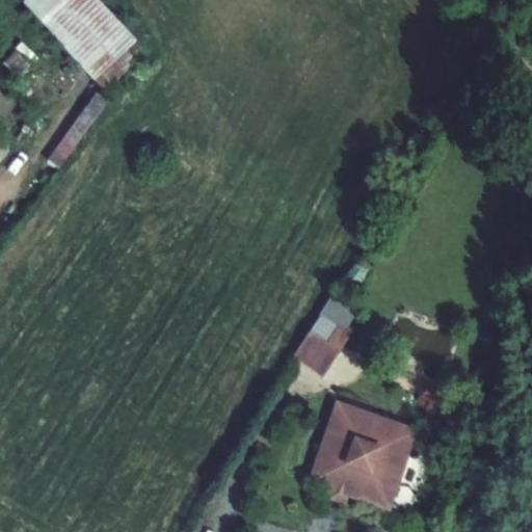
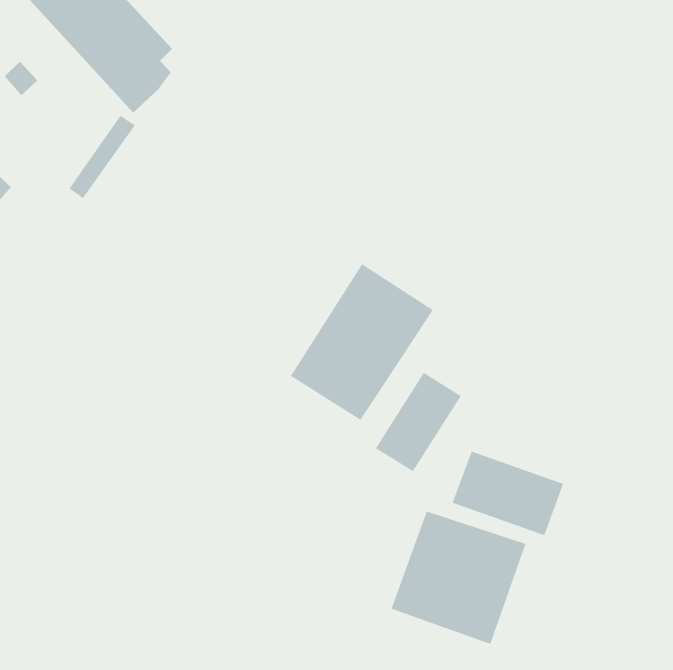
building: none -> [290,263,434,421]
building: none -> [452,450,564,536]

